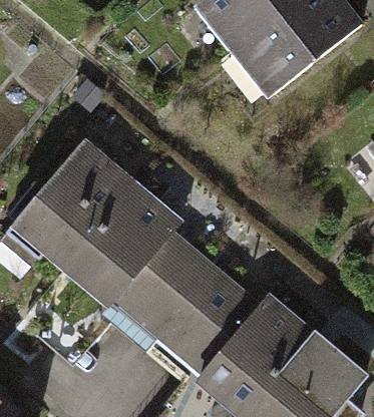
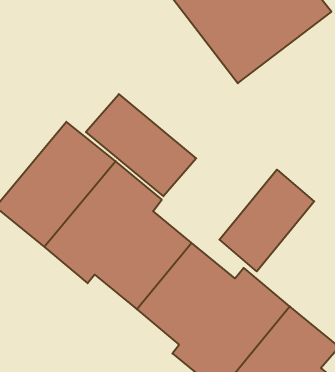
building: none -> [86,94,196,196]
building: none -> [219,170,314,271]

